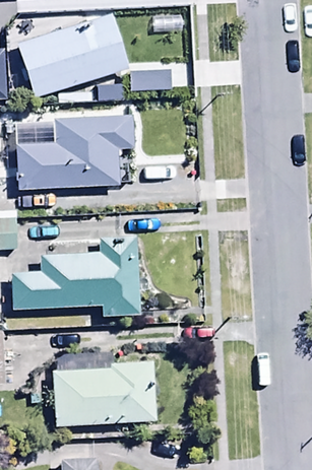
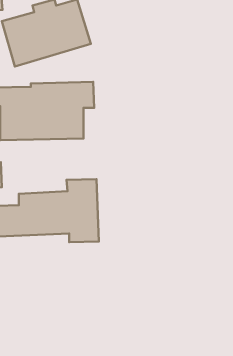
building: [50,359,155,425] -> none

